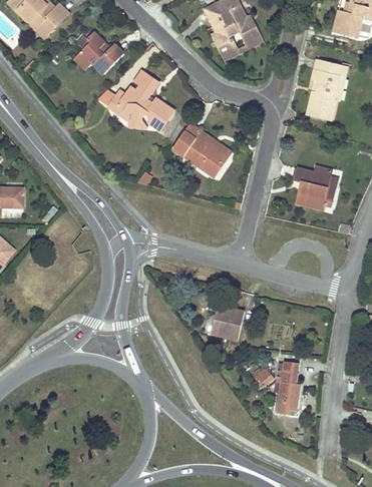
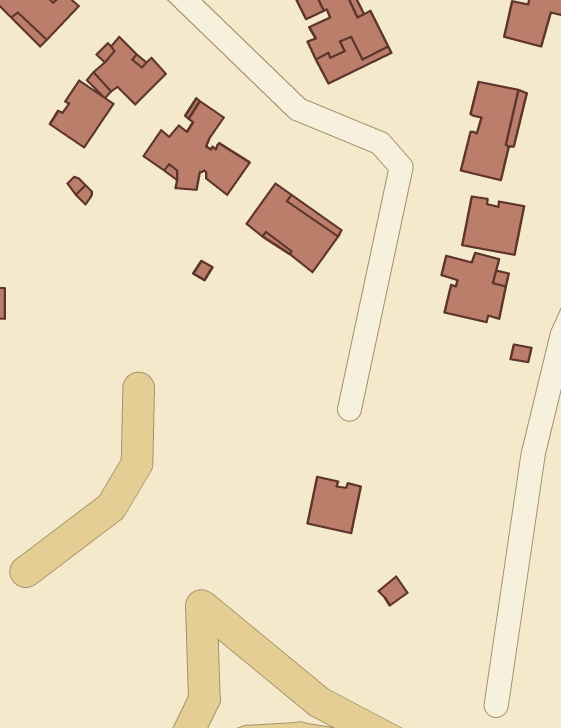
building: none -> [50,80,113,148]
building: none -> [462,196,524,255]
building: [276,361,300,414] -> none

